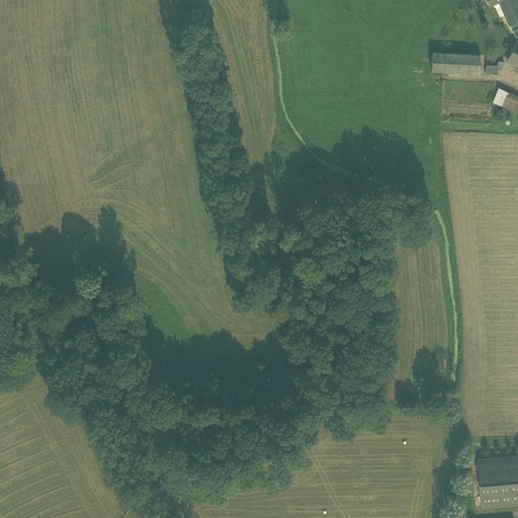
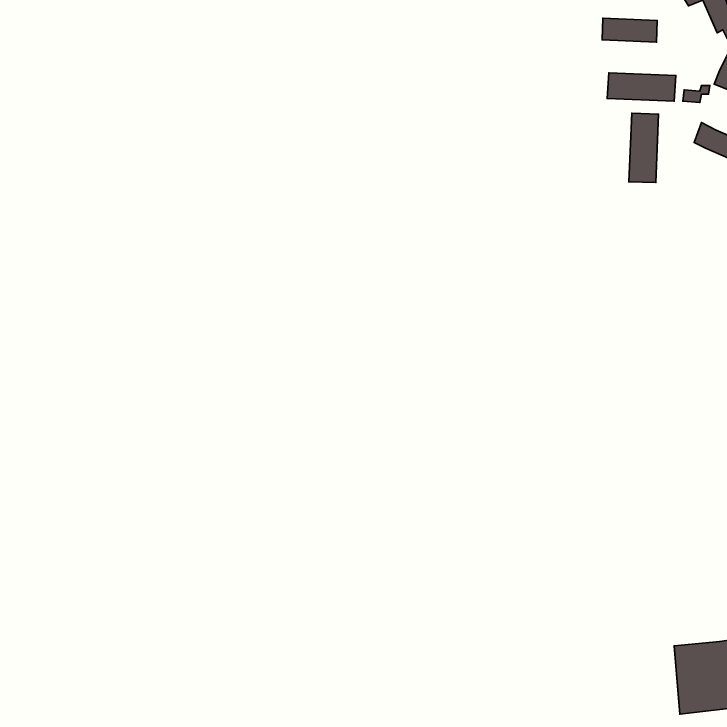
building: none -> [602,18,657,42]
building: none -> [629,113,659,183]

